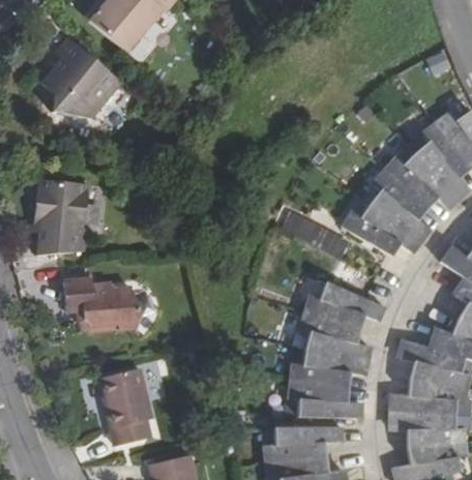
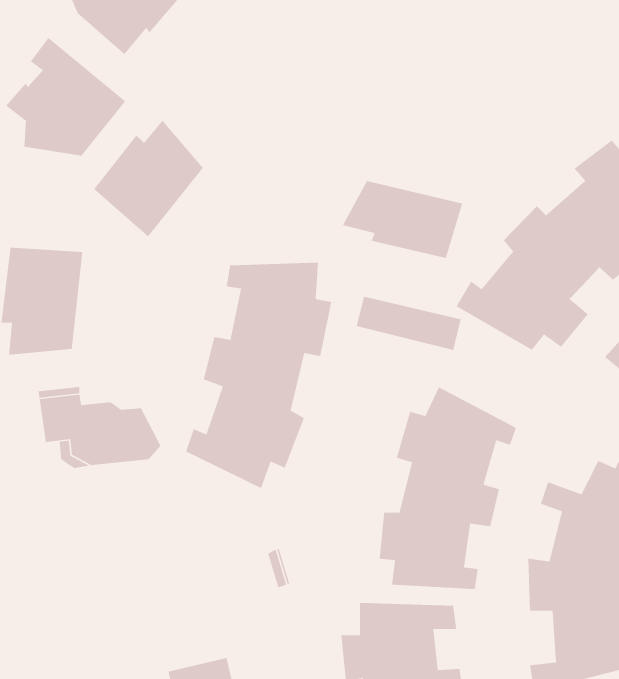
building: none -> [93,119,204,237]
building: none -> [342,180,463,259]
building: none -> [185,262,332,489]
building: [100,371,149,449] -> none

